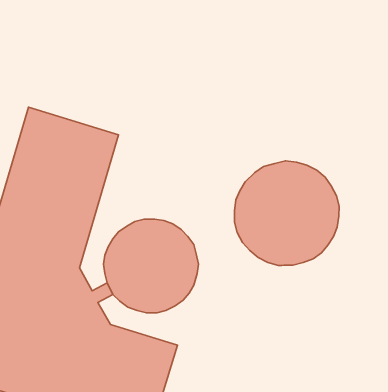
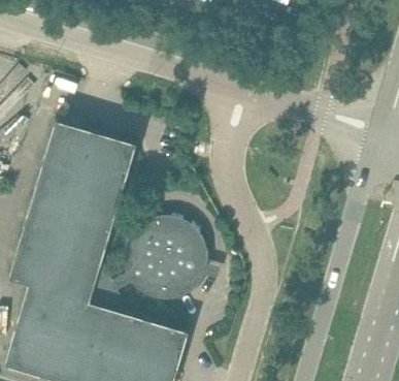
building: [234,161,339,265] -> none

